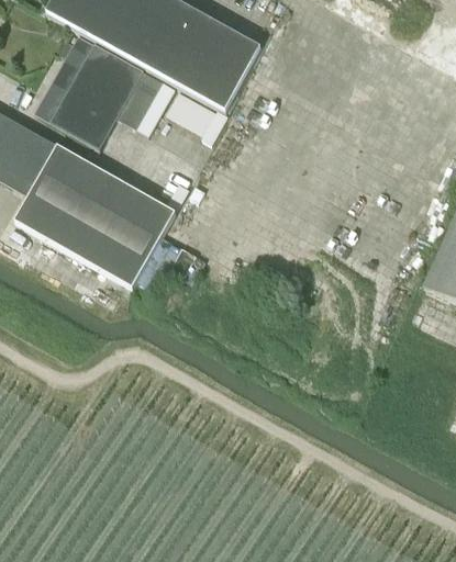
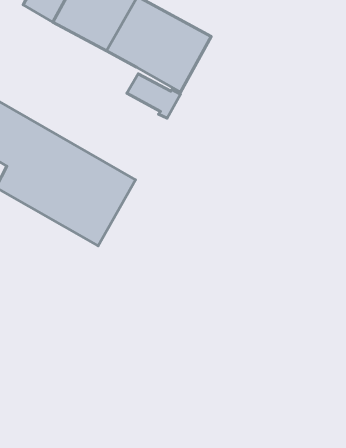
building: [35,32,174,146] -> none

